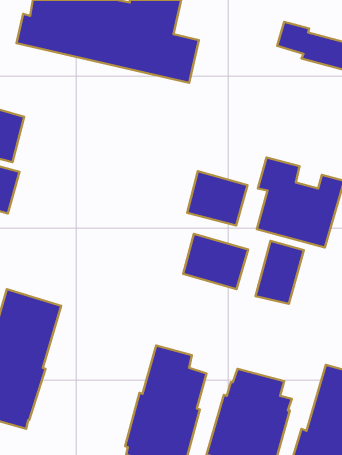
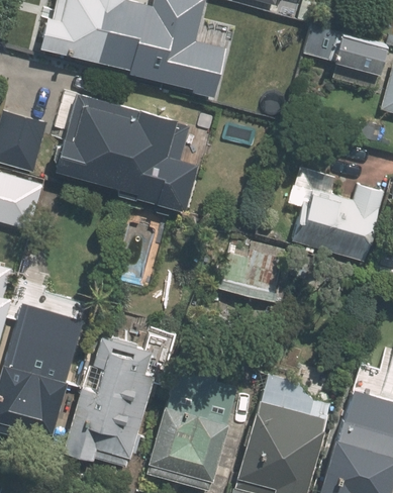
building: none -> [53,92,200,206]
building: [187,171,248,226] -> none
building: [256,241,304,304] -> none
building: none -> [63,339,151,469]

